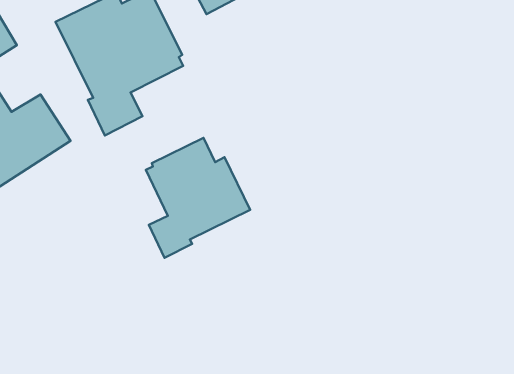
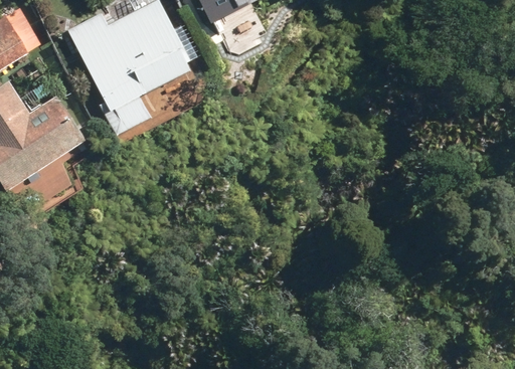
building: [146,138,250,258] -> none

